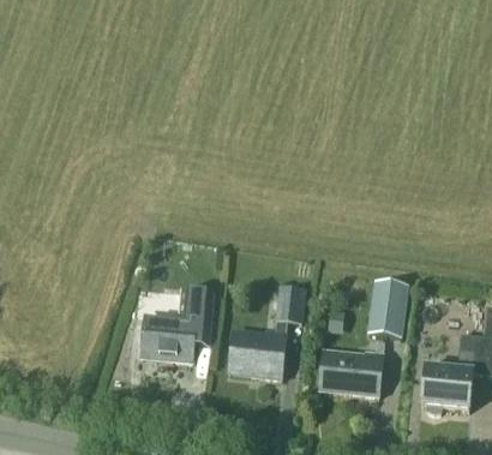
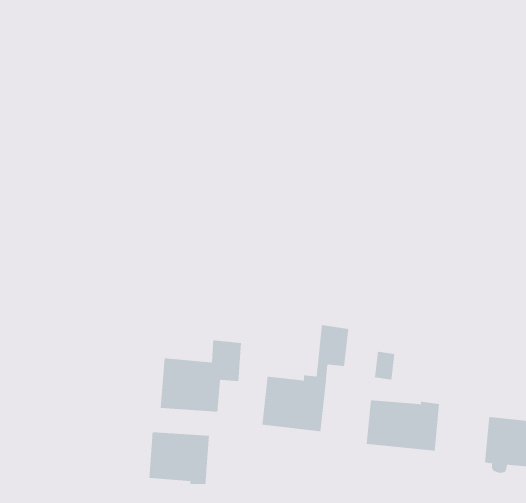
building: [371,279,407,335] -> none
building: none -> [149,431,210,485]

